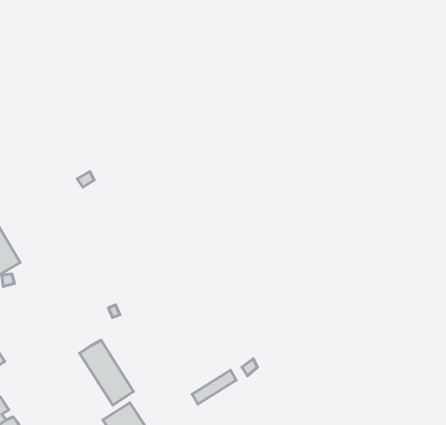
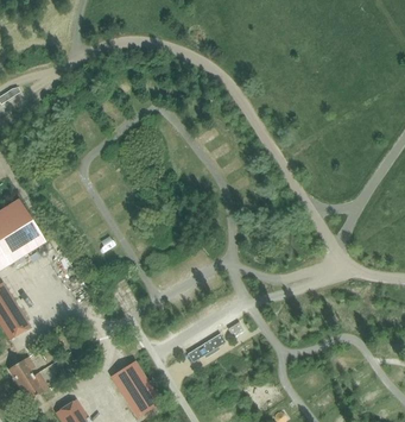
building: [79,340,133,405] -> none

